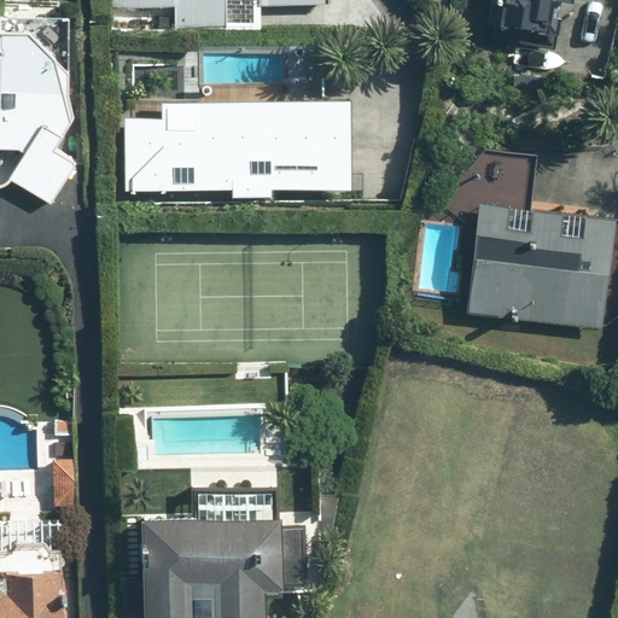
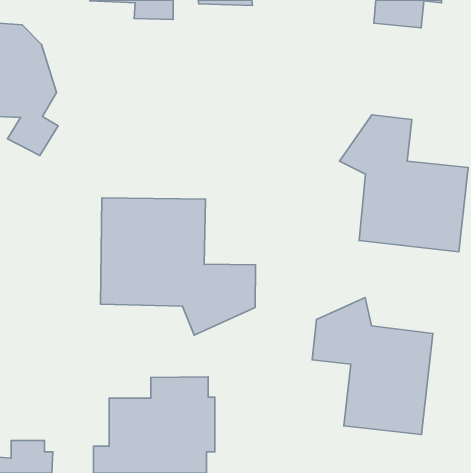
building: [128,104,349,200] -> none
building: none -> [100,198,256,335]
building: none -> [312,297,433,435]

